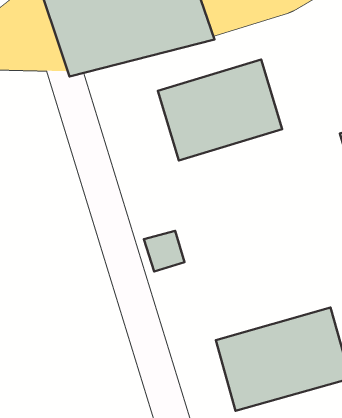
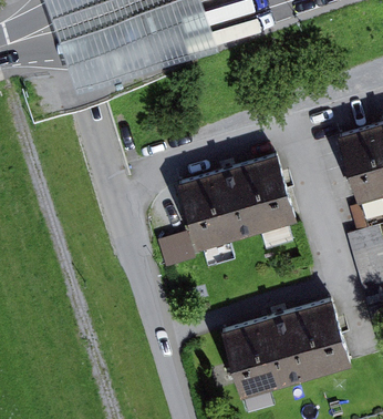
building: [158,60,282,161] -> [179,153,298,249]

